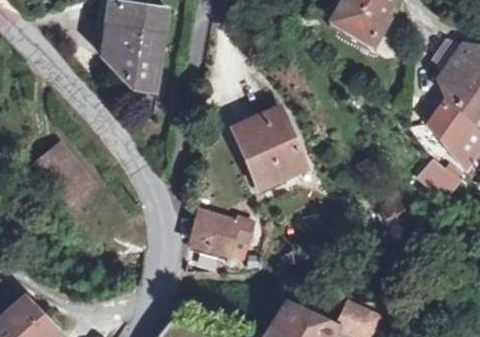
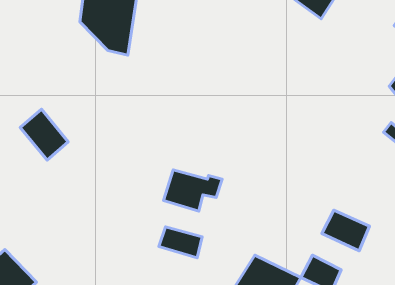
building: [236,108,305,185] -> none
building: none -> [322,210,369,251]
building: none -> [159,227,202,258]

